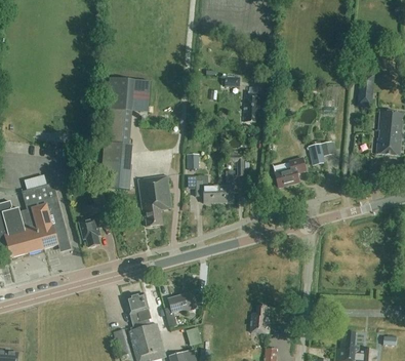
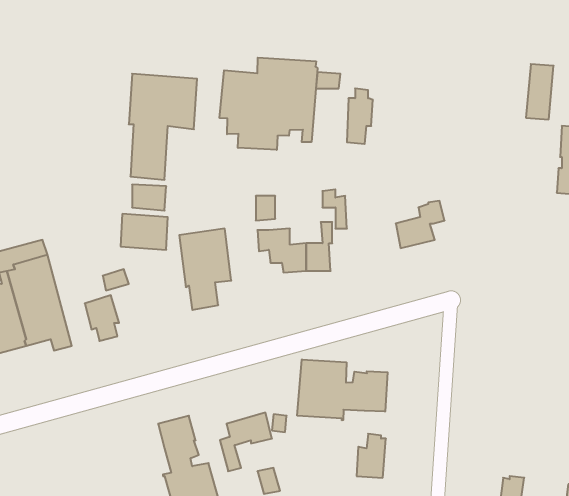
building: none -> [220,58,318,150]
building: [308,139,336,165] -> none
building: none -> [297,359,388,420]

